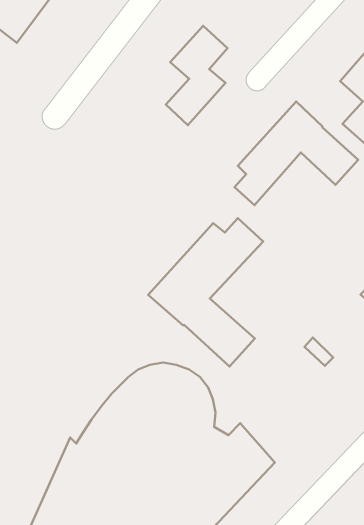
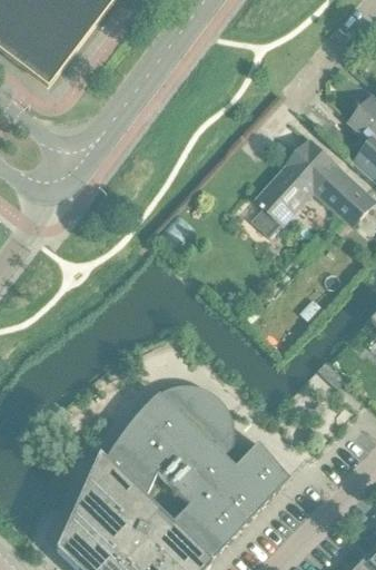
building: [166,26,227,125] -> none
building: [148,218,263,366] -> none

